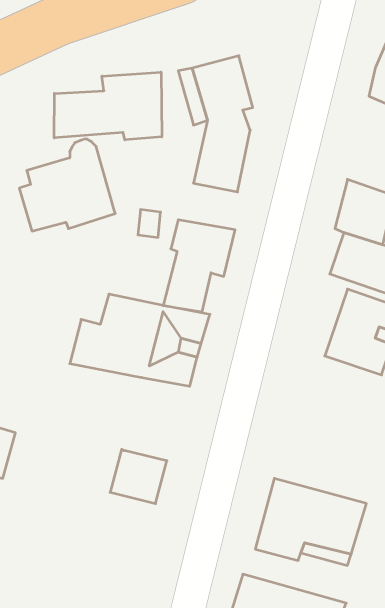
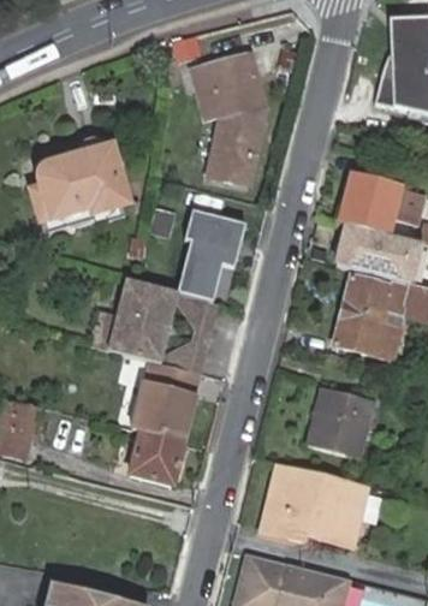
building: [54,72,162,140] -> none
building: none -> [138,364,196,444]
building: none -> [310,386,374,454]

